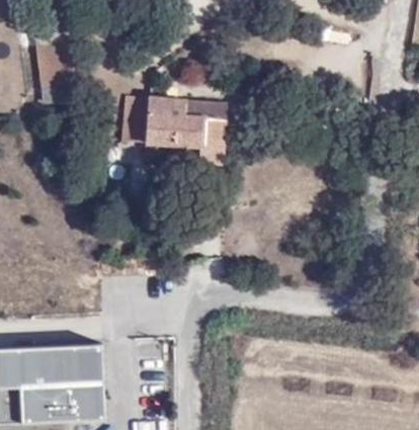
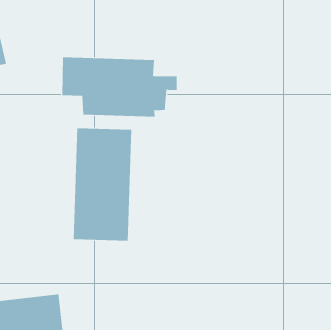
building: none -> [73,127,132,242]

